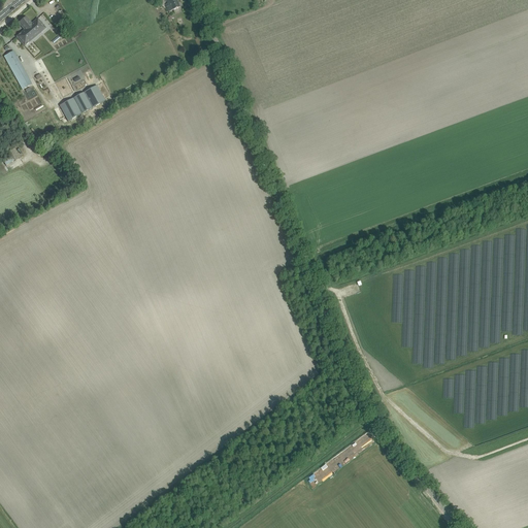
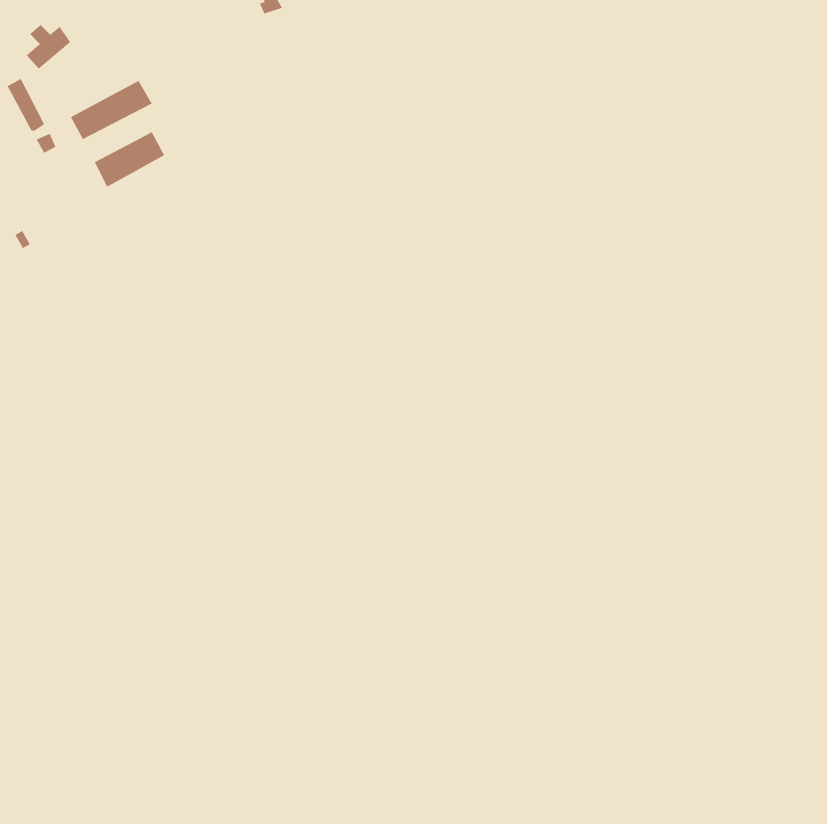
building: none -> [70,80,153,140]

